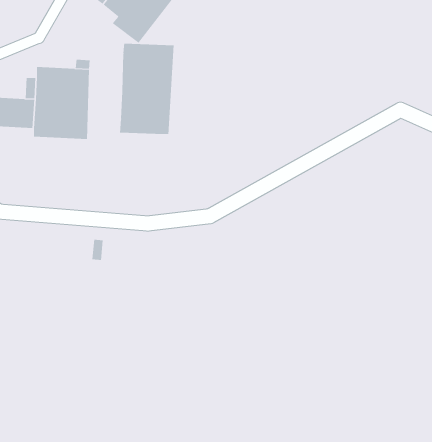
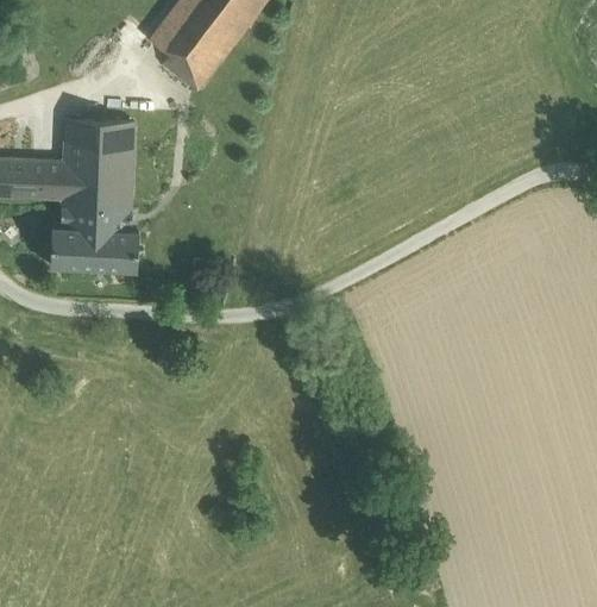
building: [119,43,174,135] -> none
building: none -> [51,211,139,270]

